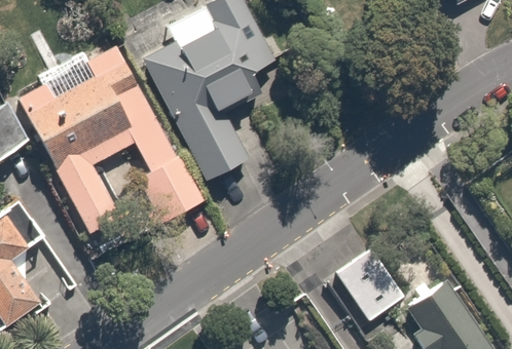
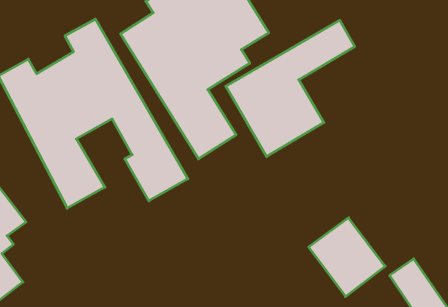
building: none -> [226,20,355,157]

